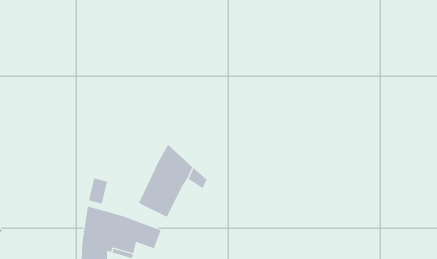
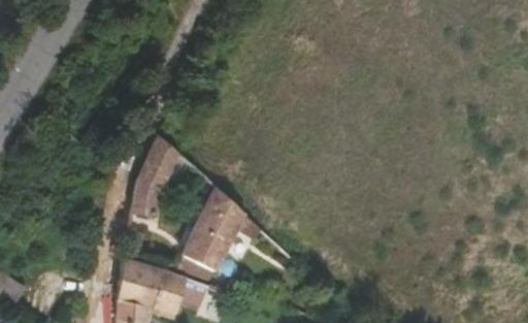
building: none -> [129,134,185,218]

